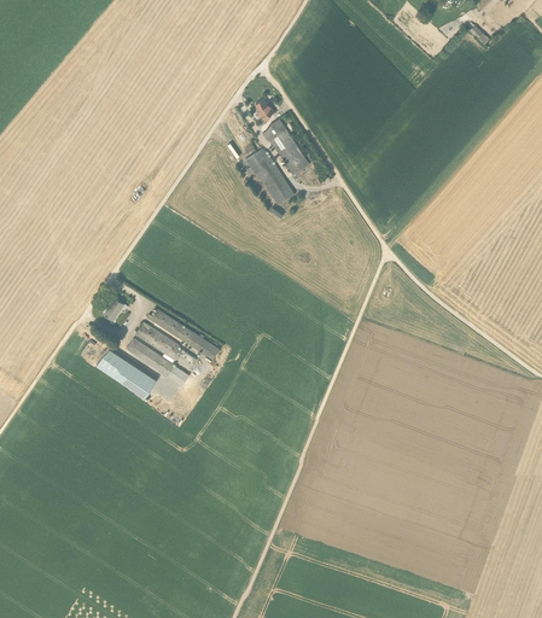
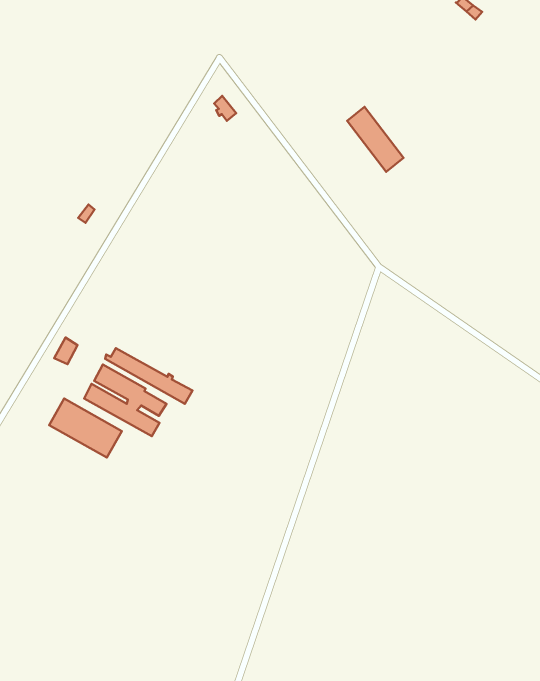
building: [263,121,309,177] -> [347,107,404,172]
building: [245,146,295,206] -> none

